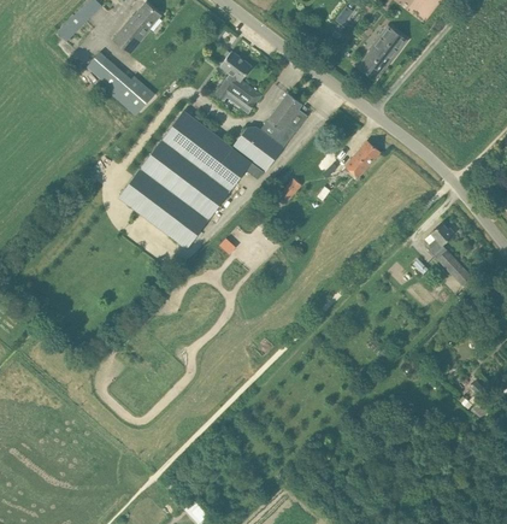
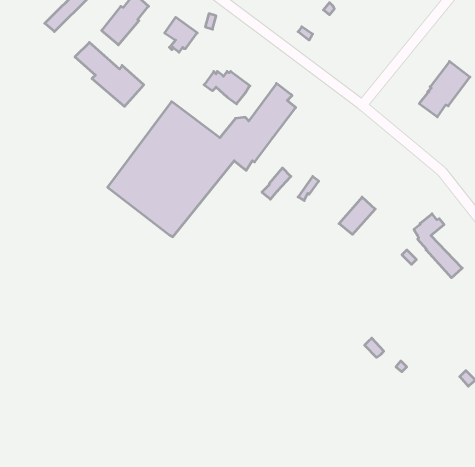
building: [358,24,408,80] -> [419,61,470,117]
building: [220,51,253,86] -> [165,17,197,52]
building: [344,140,381,177] -> [339,197,375,234]

